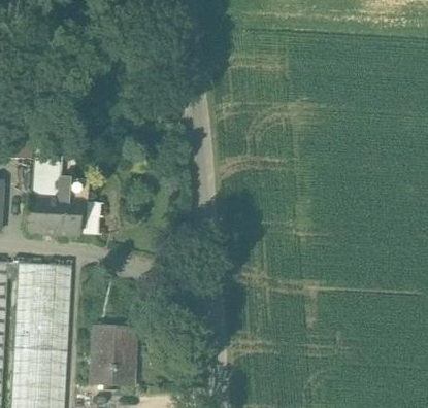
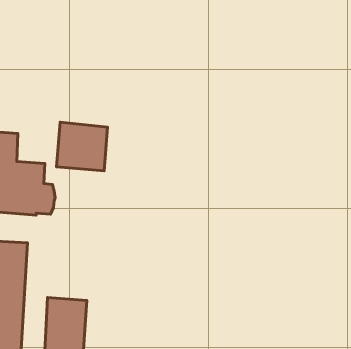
building: none -> [57,122,108,171]

